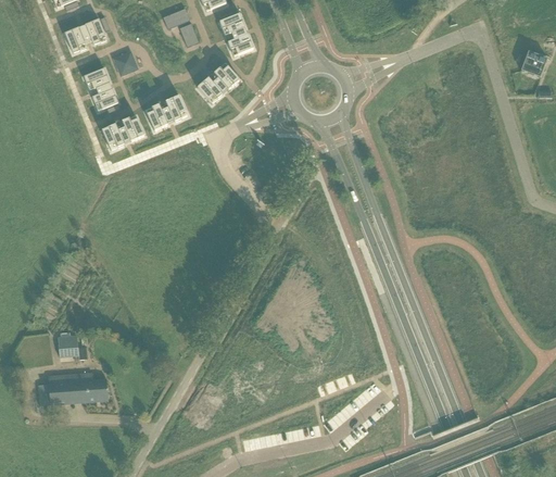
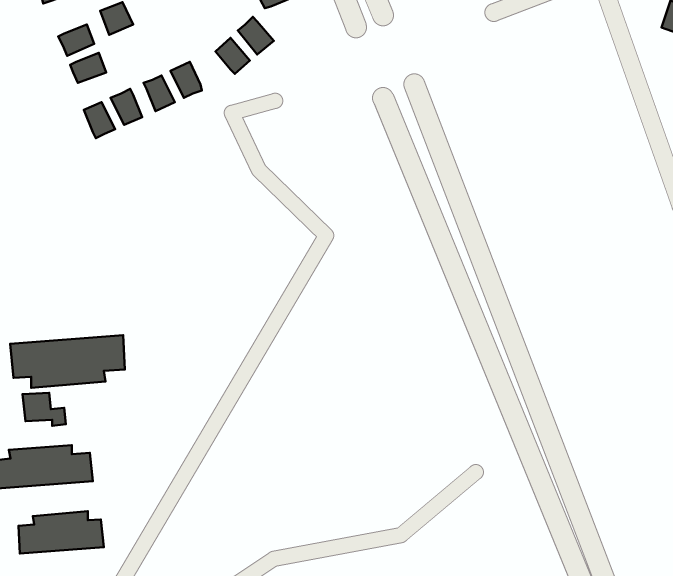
building: none -> [10,335,125,388]
building: none -> [18,511,104,554]

